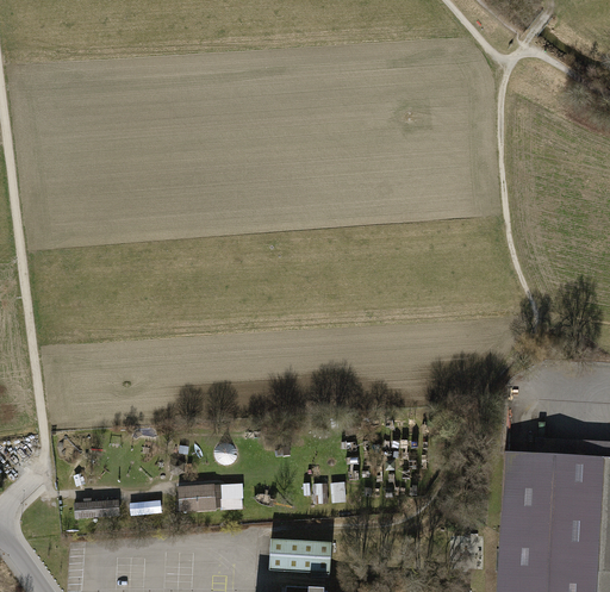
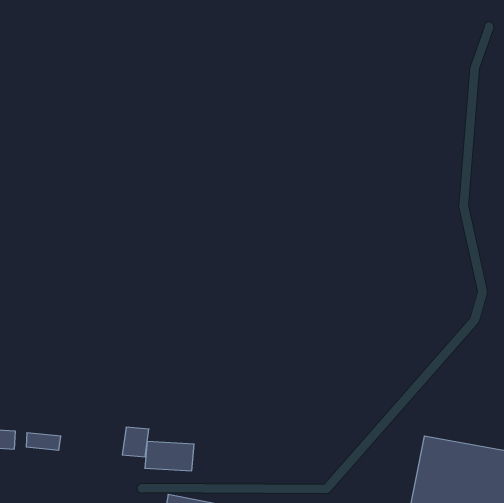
building: [179,484,224,512] -> [145,442,194,471]

